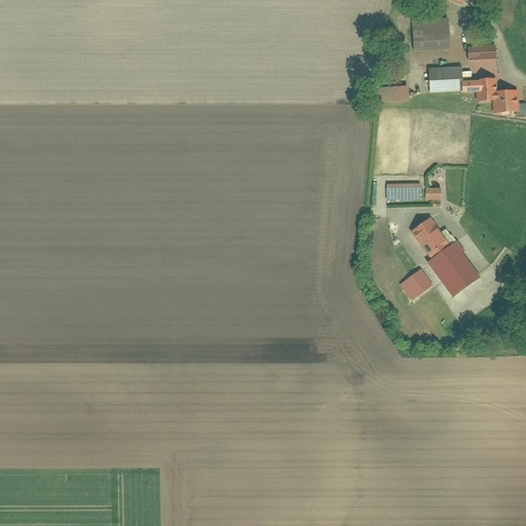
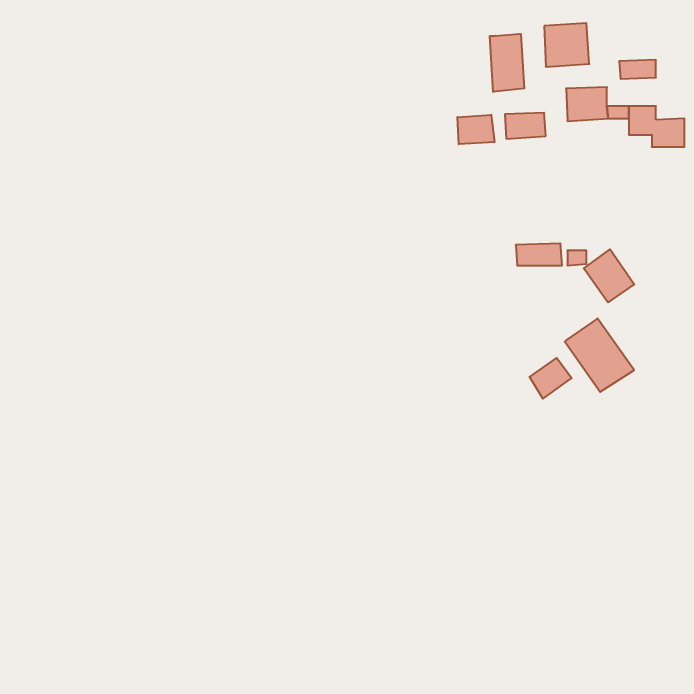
building: none -> [490,34,524,92]
building: none -> [457,115,494,144]
building: [410,217,448,257] -> [584,249,634,302]

